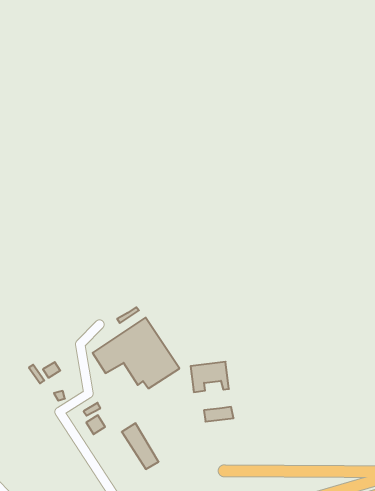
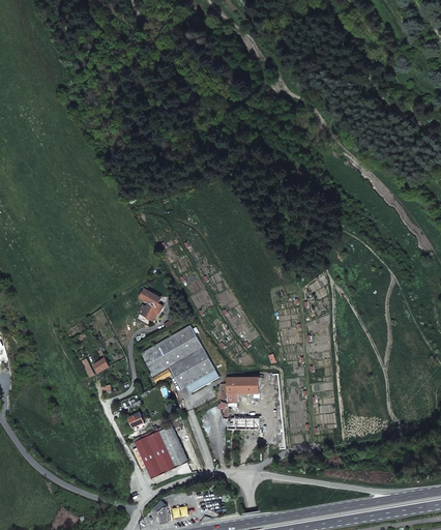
building: none -> [140,291,165,323]
building: none -> [133,424,175,476]

